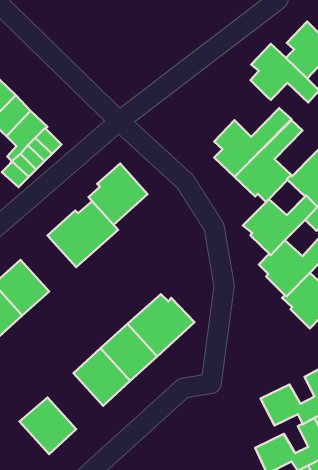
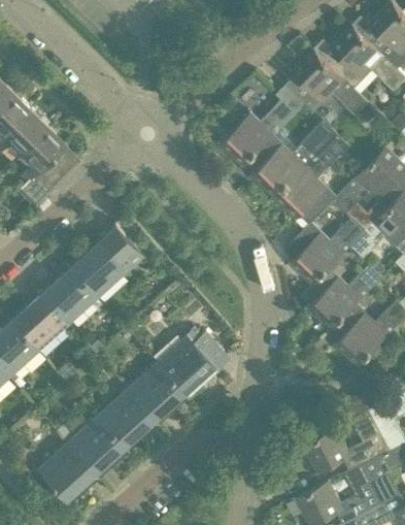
building: none -> [220,86,304,167]
building: [89,163,147,225] -> none
building: none -> [36,263,98,325]
building: none -> [66,416,128,478]

